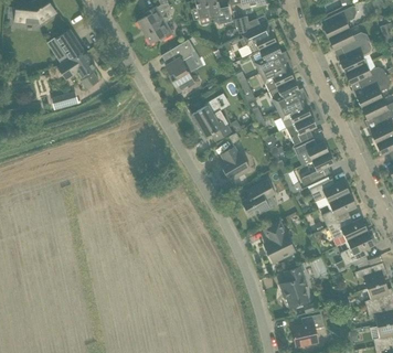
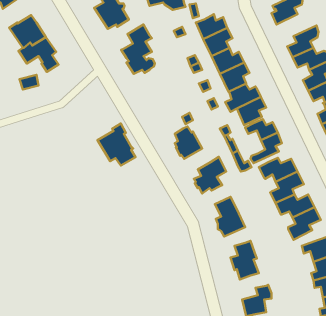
building: [329,28,371,51] -> none
building: [192,96,232,140] -> [98,123,135,165]

